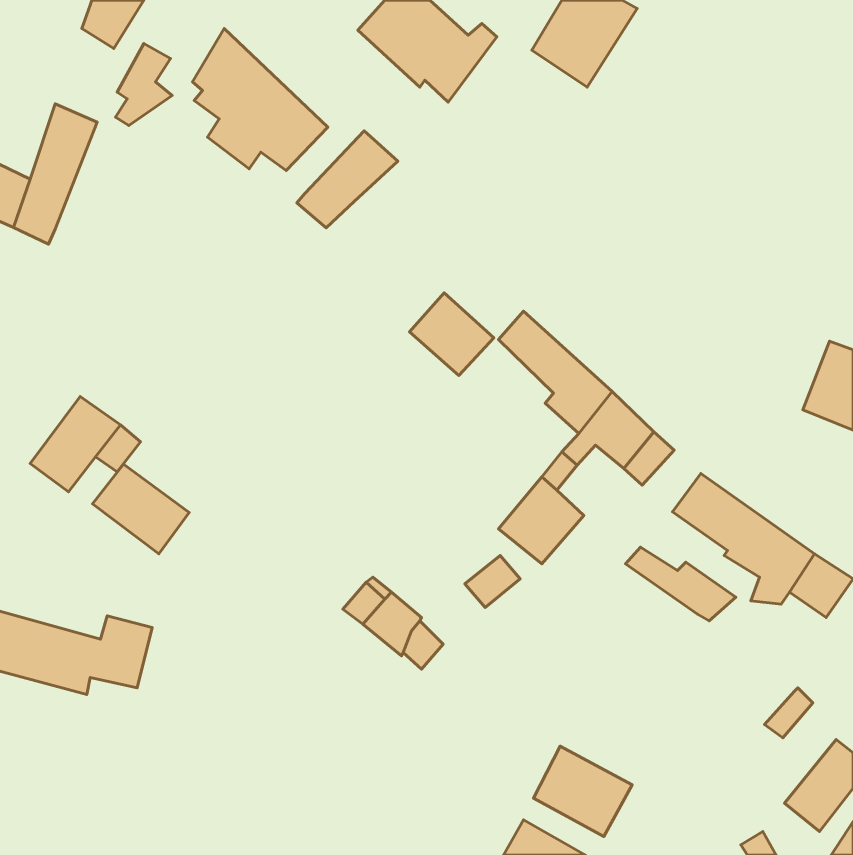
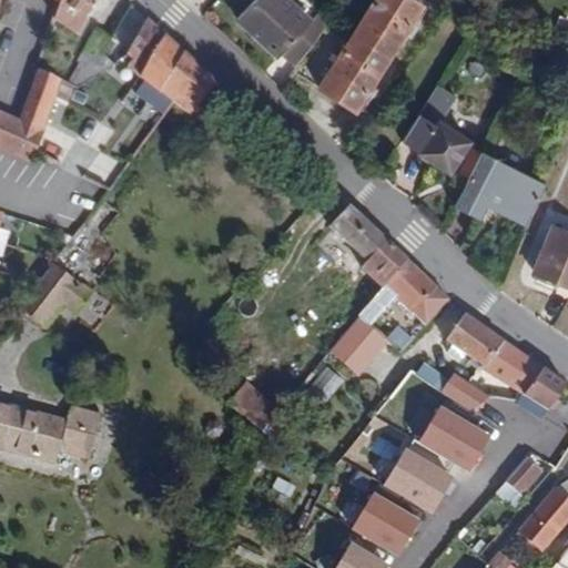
building: none -> [318,33,389,112]
building: none -> [403,87,468,173]
building: [297,131,398,228] -> none
building: none -> [455,152,546,223]
building: [410,293,494,376] -> none
building: [93,464,189,554] -> none
building: none -> [416,407,489,474]
building: none -> [382,449,452,515]

